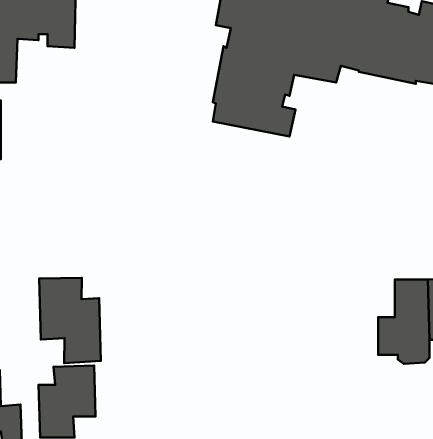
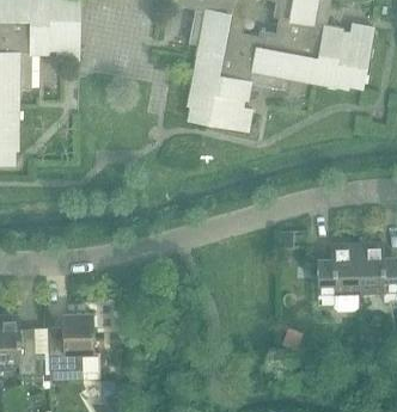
building: [39,278,101,363] -> none

